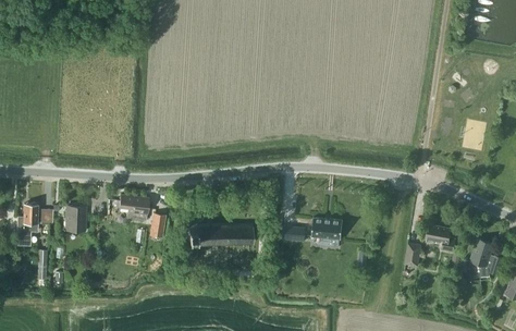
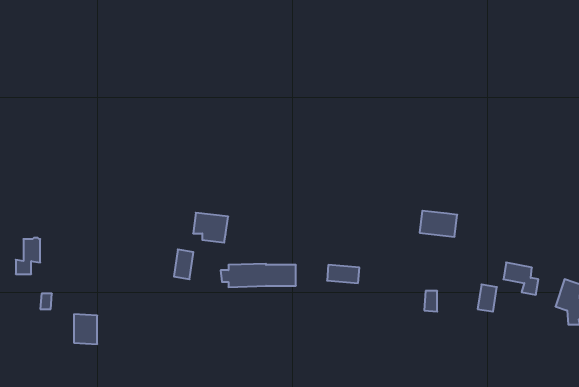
building: [119,195,148,220] -> [193,213,228,243]
building: [65,206,85,231] -> [74,314,97,344]
building: [308,217,340,238] -> [420,211,457,237]

